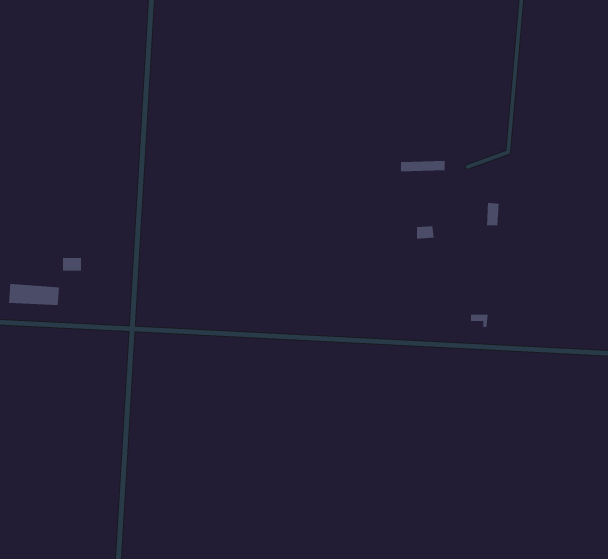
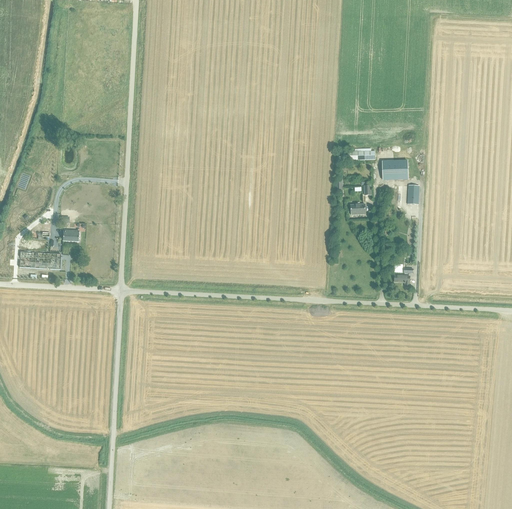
building: none -> [382,160,408,179]

